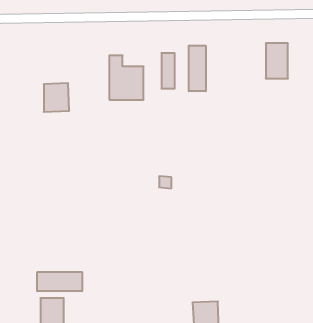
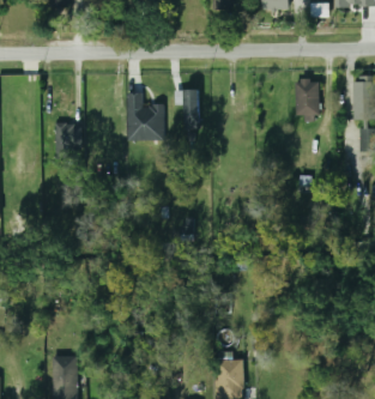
building: [189,46,206,91] -> none
building: [37,272,82,291] -> none

